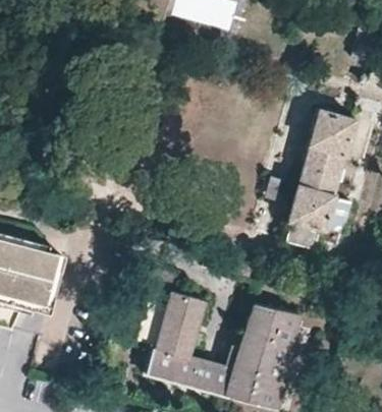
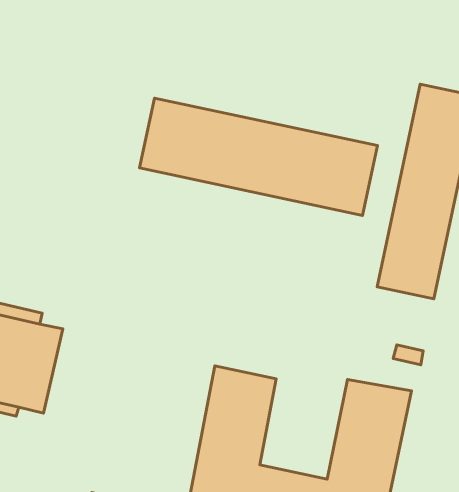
building: none -> [140,98,377,215]

